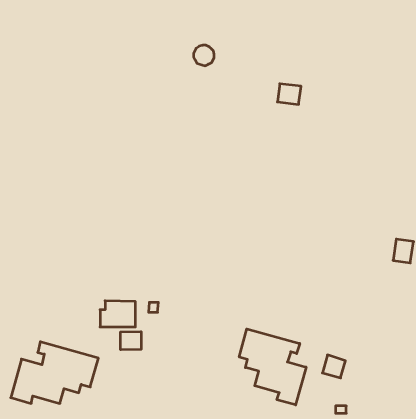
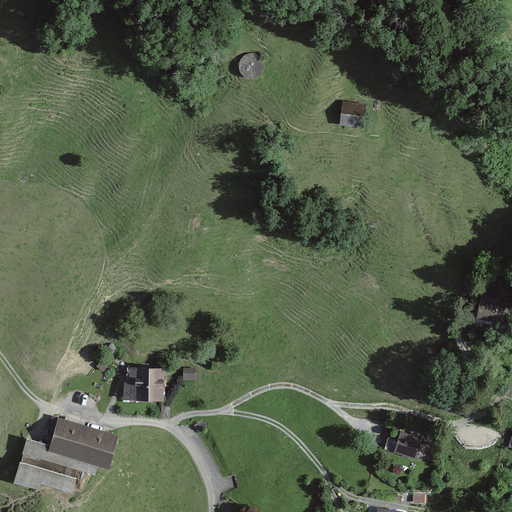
building: [239,329,306,405] -> none
building: [121,332,141,350] -> none

